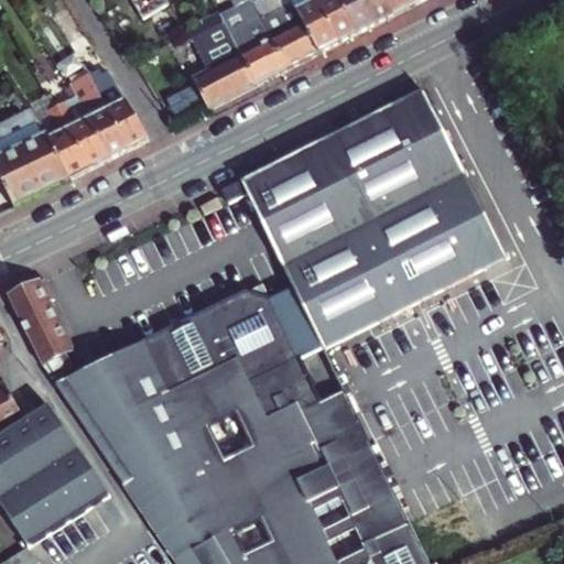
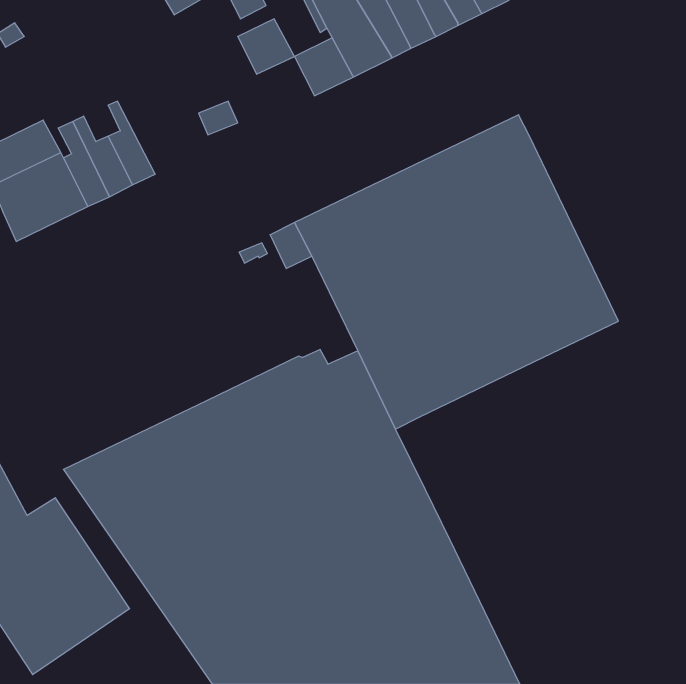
building: [176,30,257,102] -> none
building: [96,74,149,142] -> none
building: [6,279,67,376] -> none

